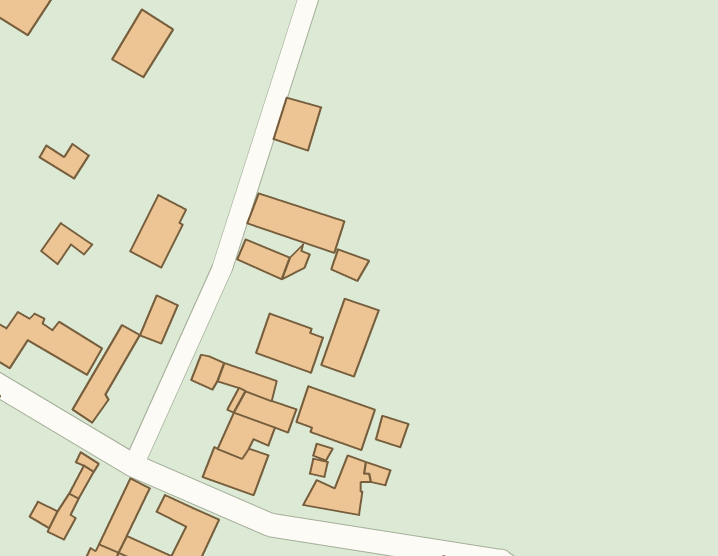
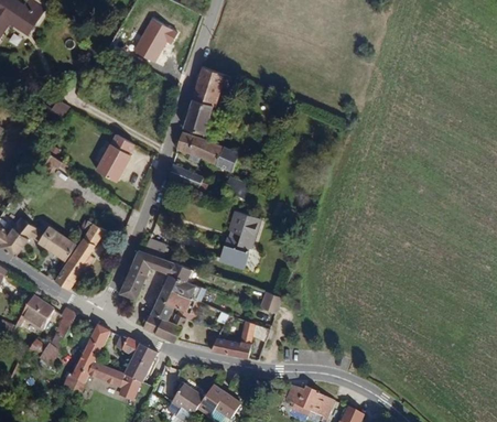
building: [112,10,173,77] -> [131,20,172,65]
building: none -> [181,102,213,139]
building: [140,296,178,343] -> [125,260,150,292]
building: [256,313,323,373] -> none
building: [297,386,375,450] -> none
building: none -> [21,293,53,331]

